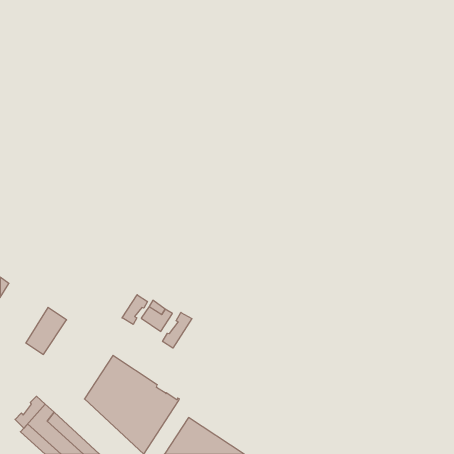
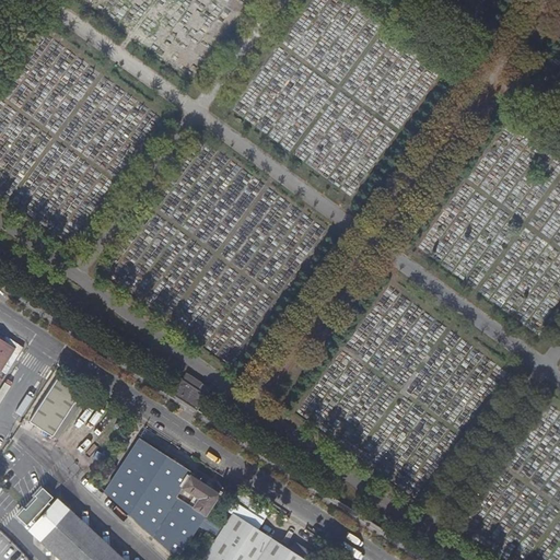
building: [122,295,147,324] -> none
building: [163,312,192,348] -> none

